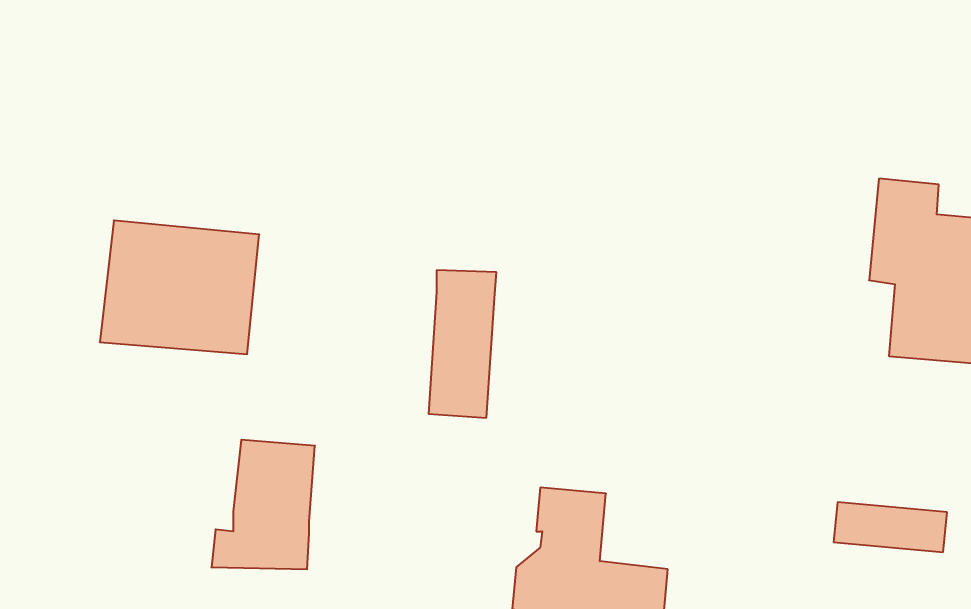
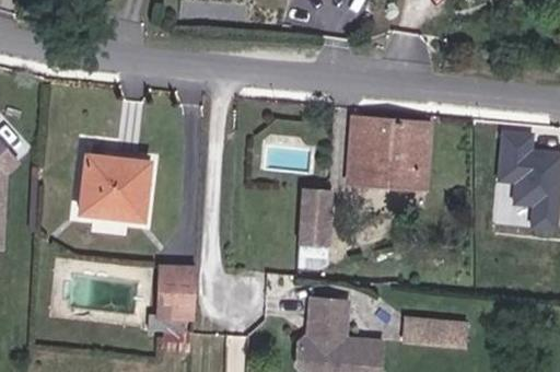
building: none -> [354,119,429,191]
building: [429,270,496,418] -> [298,189,335,270]
building: [834,502,947,552] -> [406,315,468,342]

